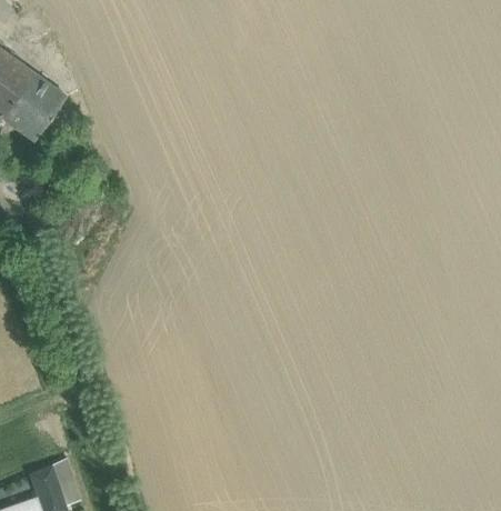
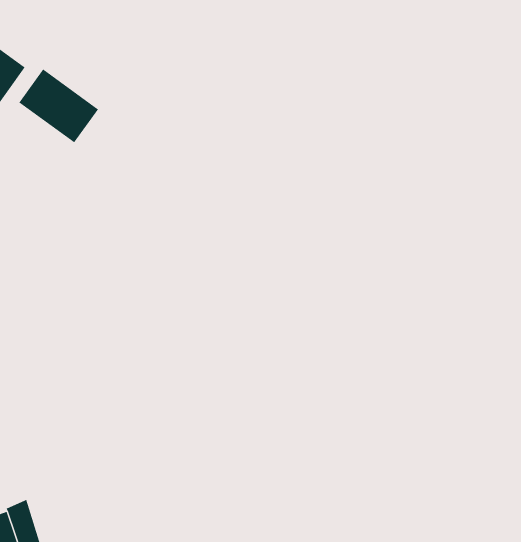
building: none -> [18,69,99,143]

